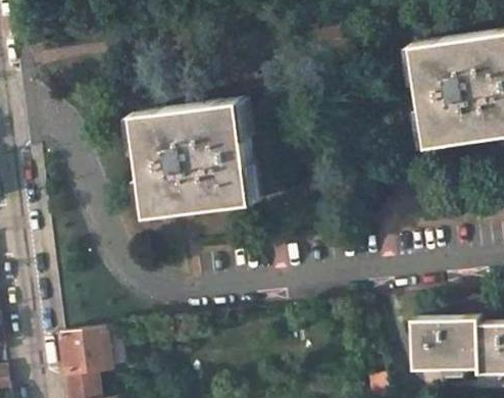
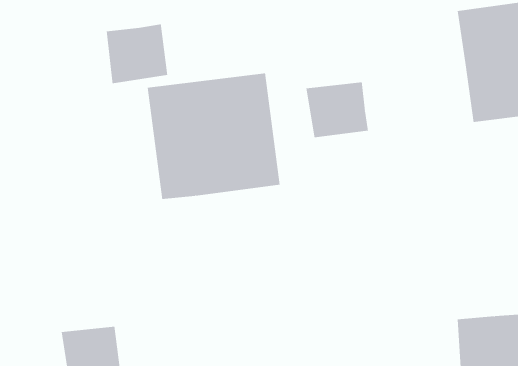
building: none -> [106,24,168,84]
building: none -> [306,82,369,138]

